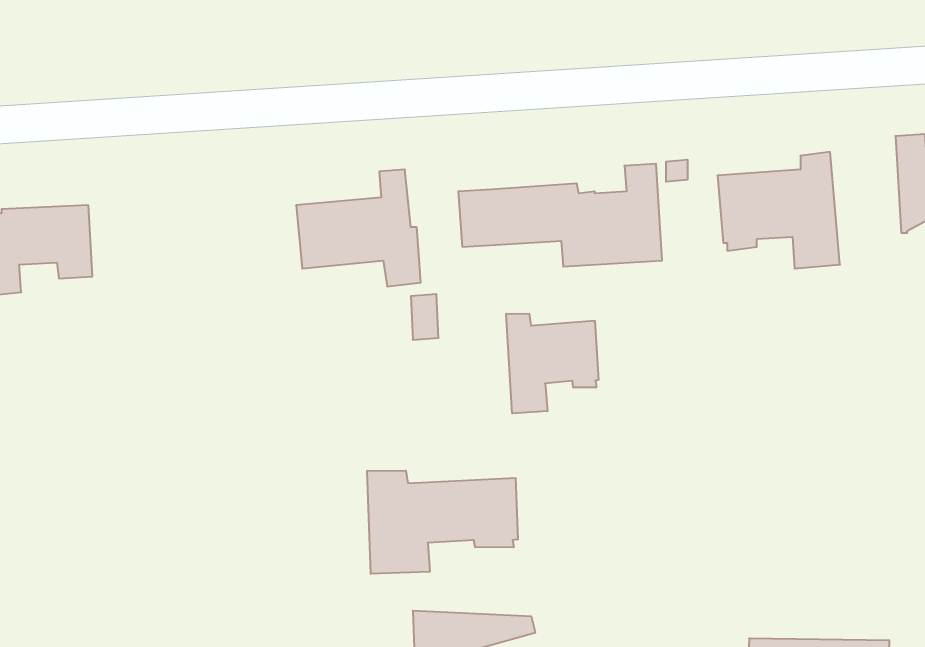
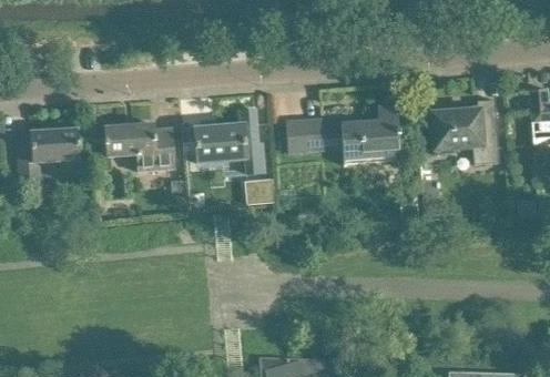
building: none -> [104,123,174,171]
building: [506,314,598,413] -> none
building: [367,471,518,574] -> none

